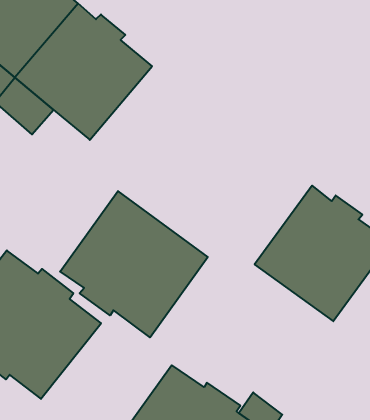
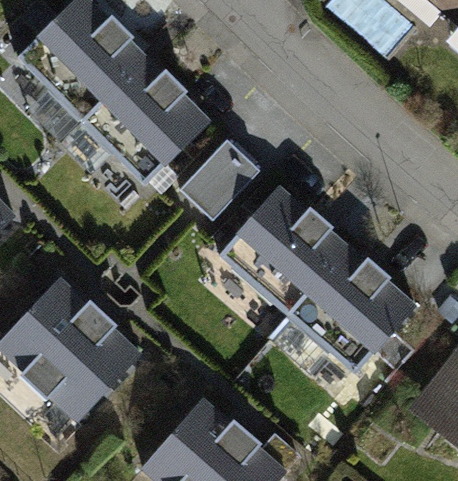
building: none -> [180,138,260,219]
building: none -> [219,186,347,313]
building: [60,191,208,337] -> none

